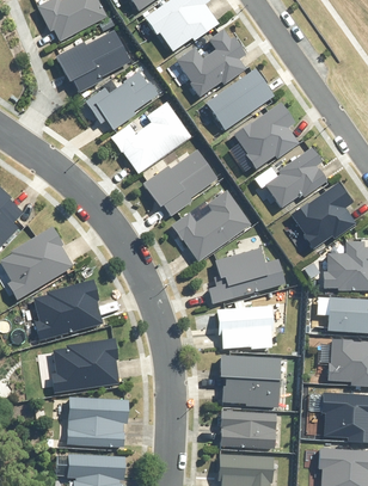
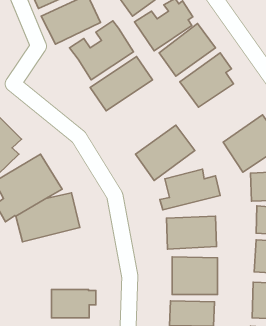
building: [258,143,324,210] -> none
building: [146,148,227,223] -> none
building: [47,339,119,394] -> none

